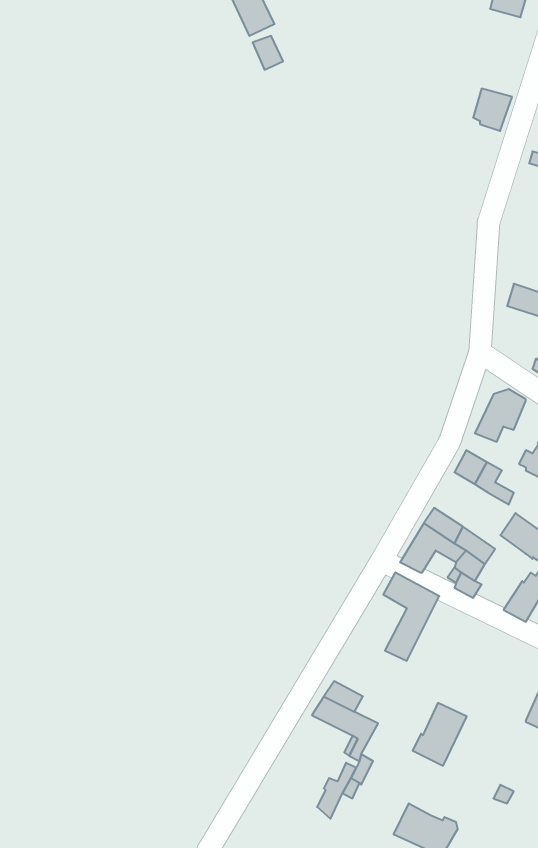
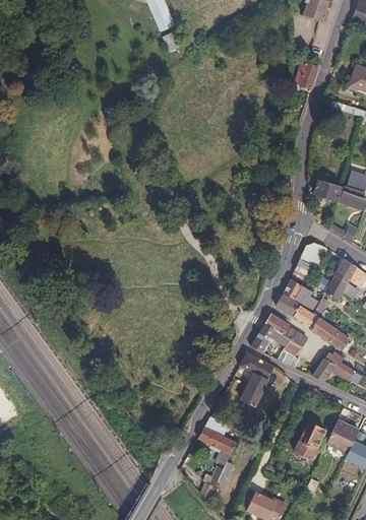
building: none -> [276,295,319,329]
building: [413,703,467,766] -> [293,421,325,459]

